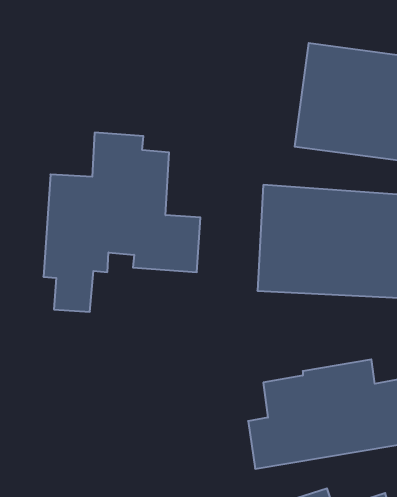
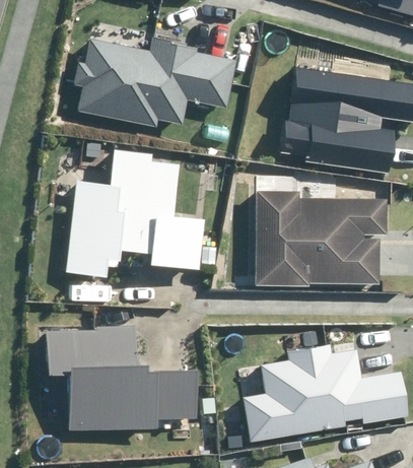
building: none -> [77,36,238,125]
building: none -> [49,326,194,430]

